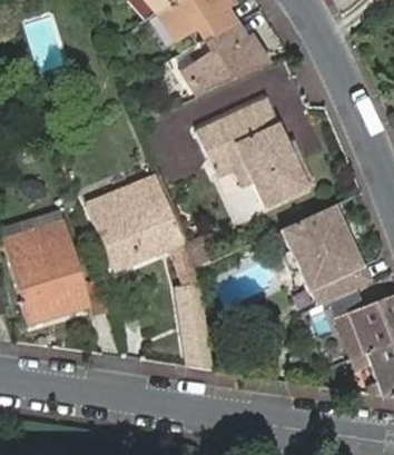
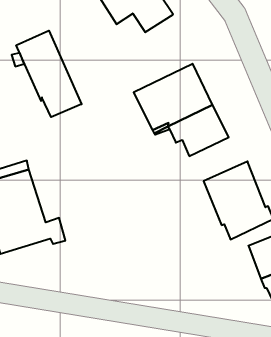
building: [179,29,272,92] -> none
building: none -> [16,31,82,117]
building: [88,177,214,367] -> none

